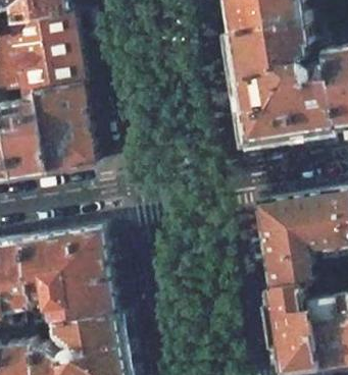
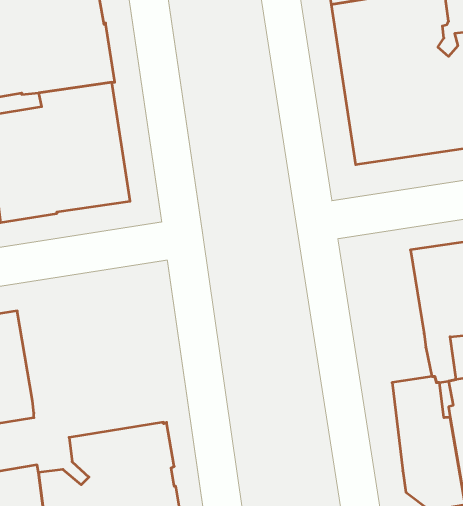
building: [255,198,296,286] -> none
building: [18,225,117,326] -> none

